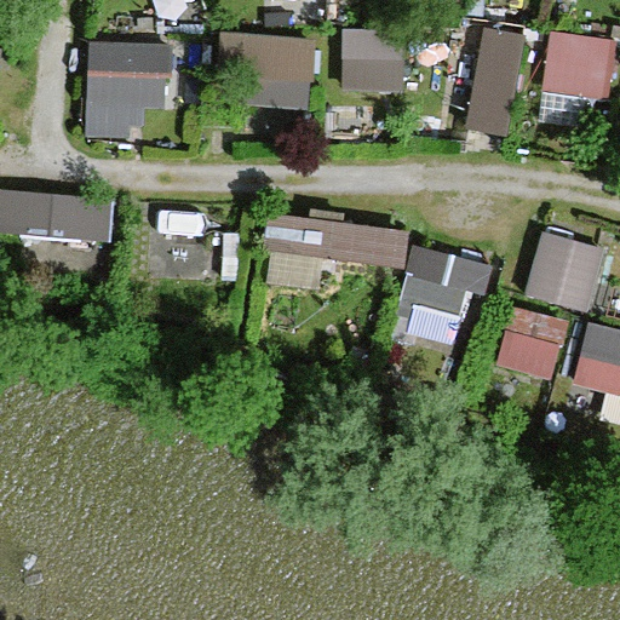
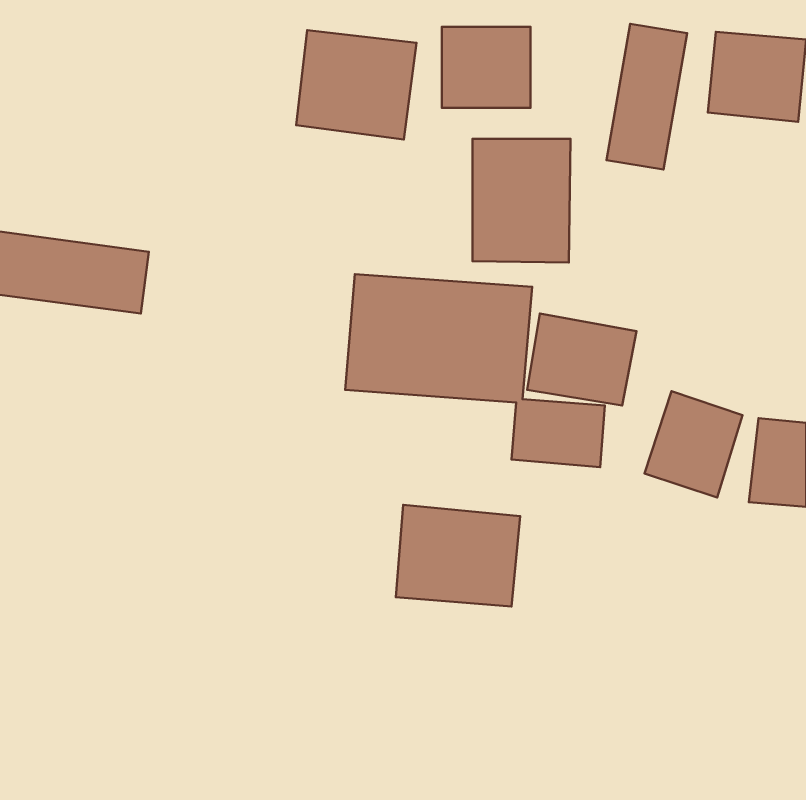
building: [85,39,173,142] -> none
building: none -> [472,139,570,263]
building: [523,228,608,315] -> none
building: none -> [396,505,520,606]

